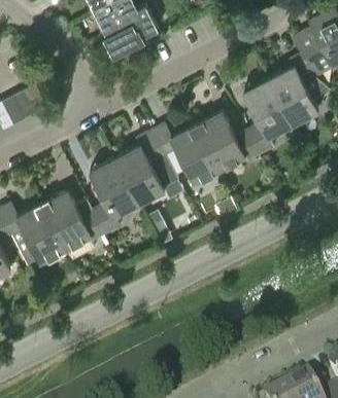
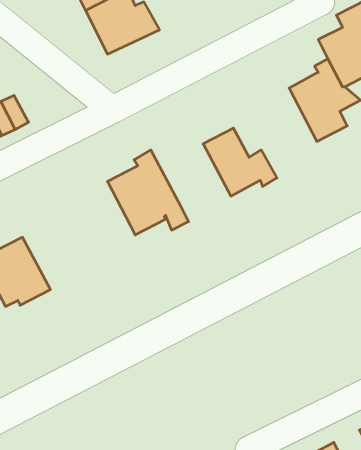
building: [243,78,292,153] -> none
building: [150,124,218,183] -> none
building: [89,157,137,232] -> none
building: [41,191,103,249] -> none

